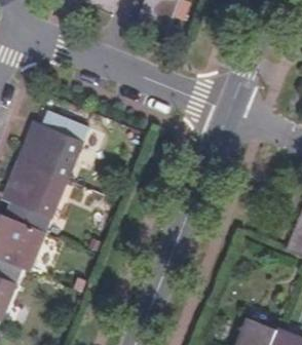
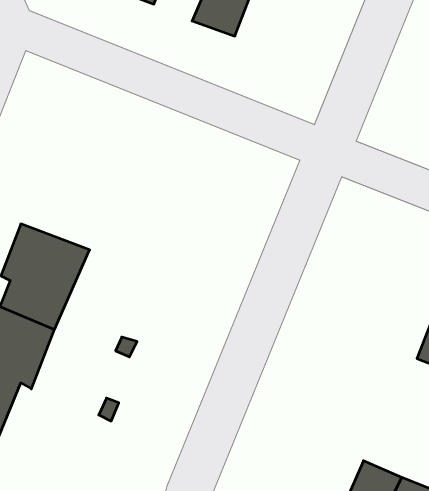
building: [20,111,85,178] -> none

